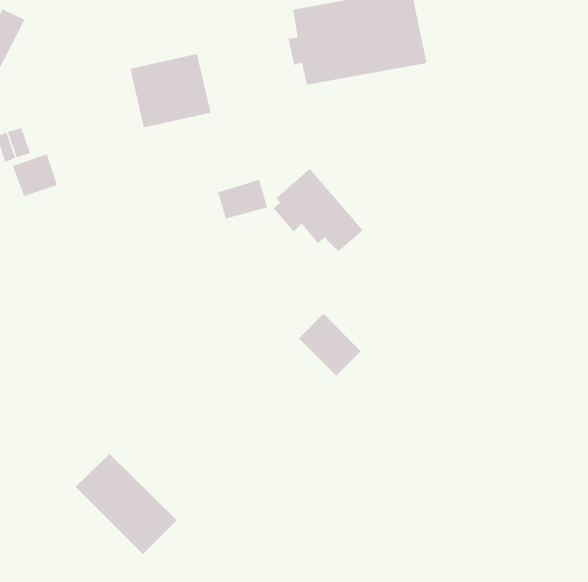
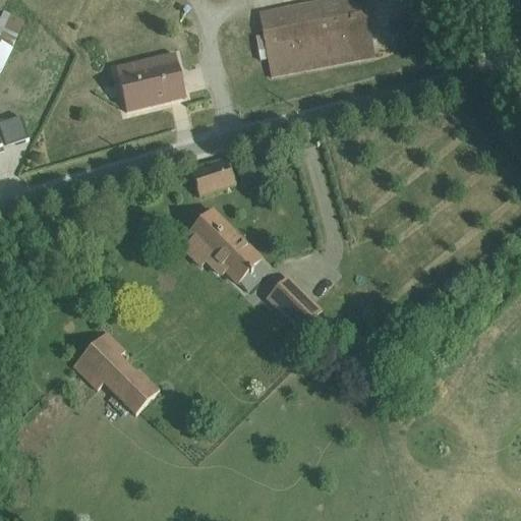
building: [12,153,58,197] -> none
building: [273,168,364,252] -> [182,212,263,286]
building: [75,453,178,555] -> [71,334,162,423]

